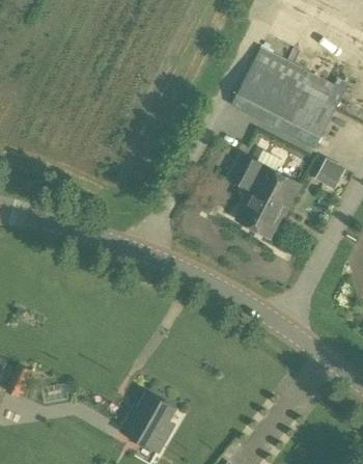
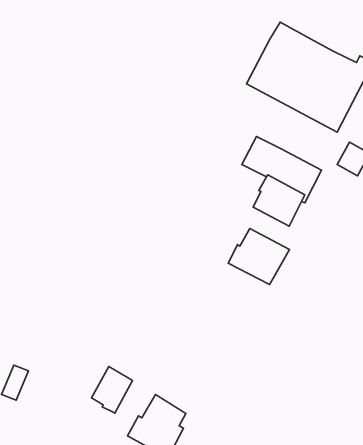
building: none -> [228,228,289,285]
building: none -> [91,366,133,413]

